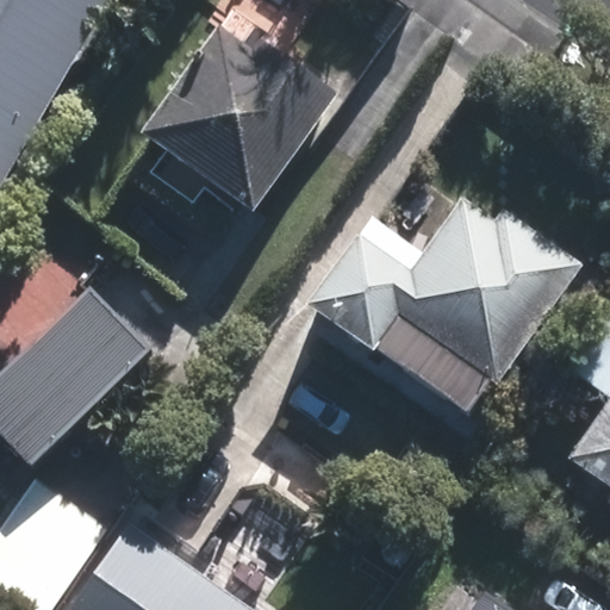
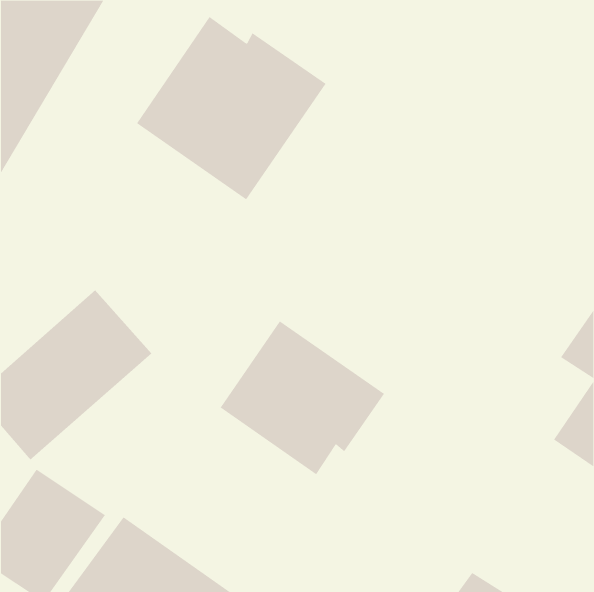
building: [301,192,585,384] -> none
building: none -> [220,321,385,475]

